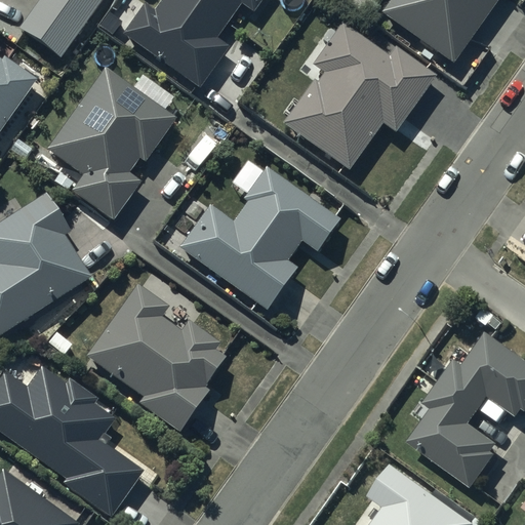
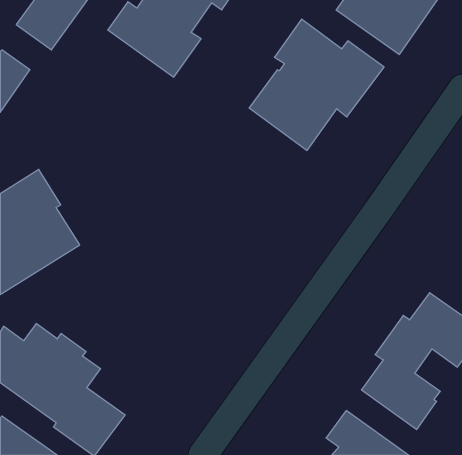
building: [46,68,175,220] -> none
building: [177,167,338,310] -> none
building: [86,282,226,431] -> none

